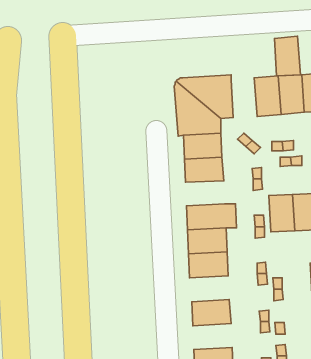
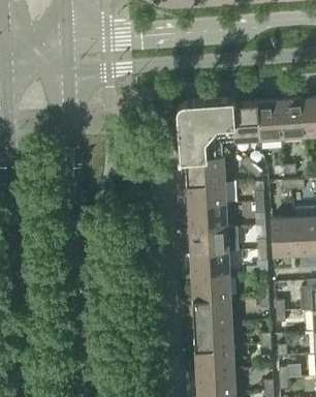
building: [274,36,300,76] -> [233,102,259,142]
building: none -> [188,205,227,230]
building: none -> [192,299,231,325]
building: none -> [195,346,234,372]

